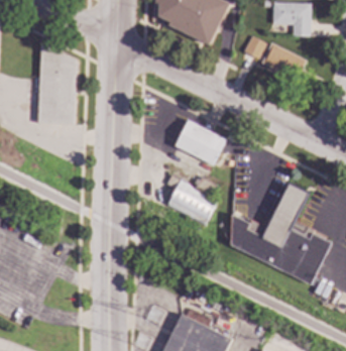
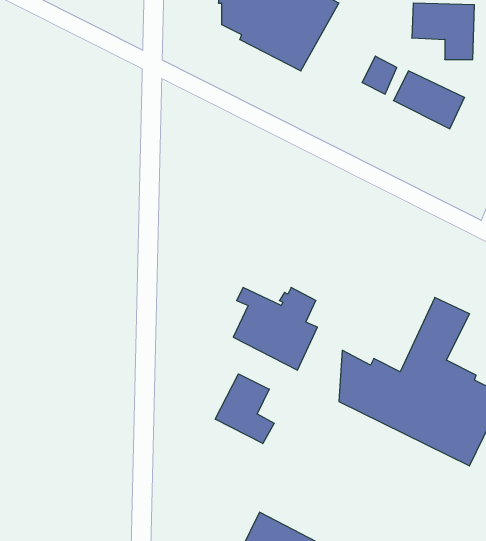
building: [38,42,76,123] -> none
building: [175,119,226,164] -> none
building: none -> [215,374,274,444]

